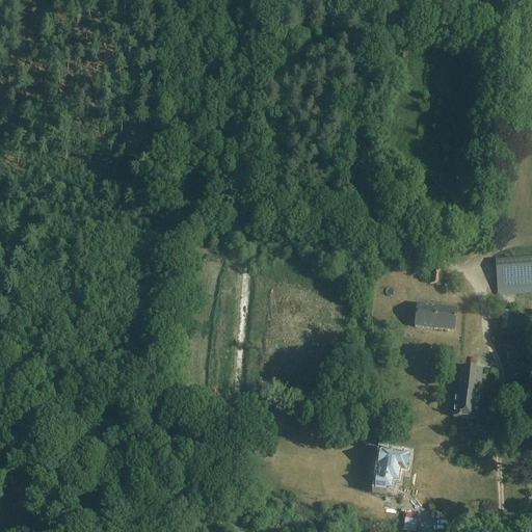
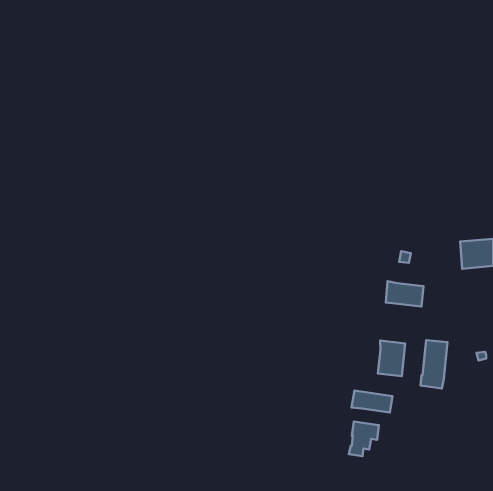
building: none -> [378,340,405,376]
building: none -> [352,391,393,413]

